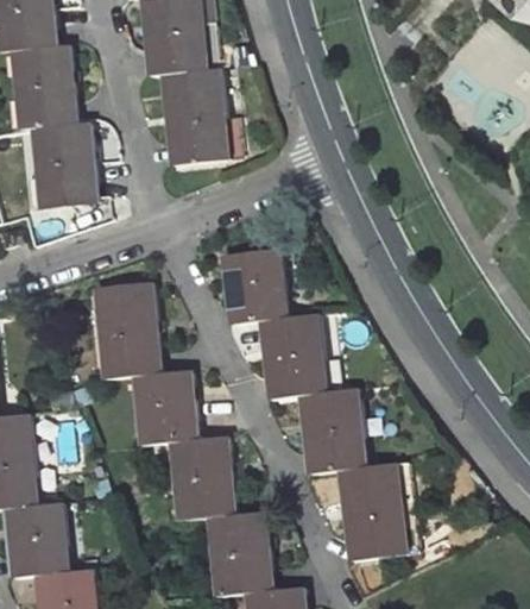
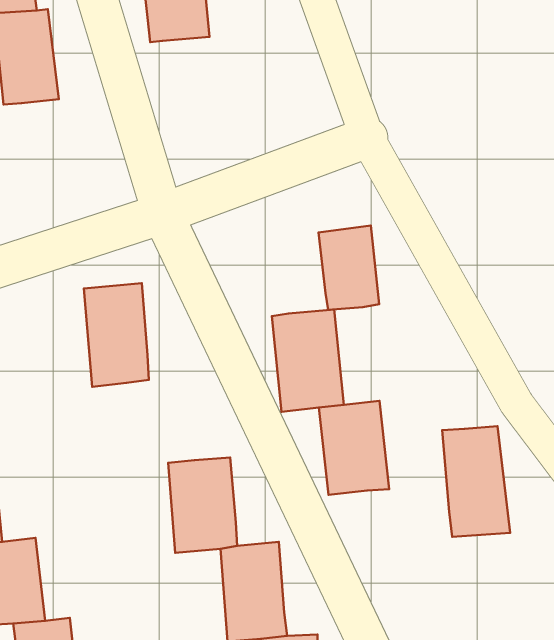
building: [166,74,229,167] -> none
building: [45,127,97,207] -> none
building: [222,245,275,318] -> [318,225,379,310]
building: [135,366,194,445] -> none
building: [342,462,400,557] -> [442,426,510,537]

